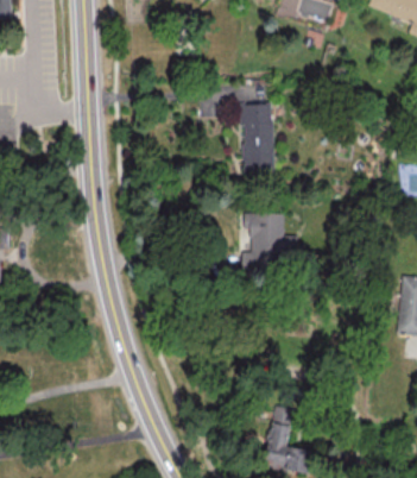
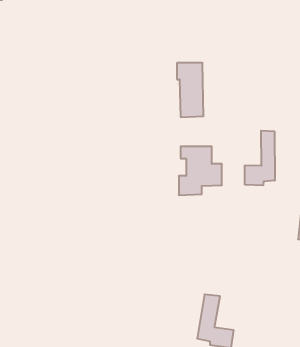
building: none -> [245,131,275,185]

